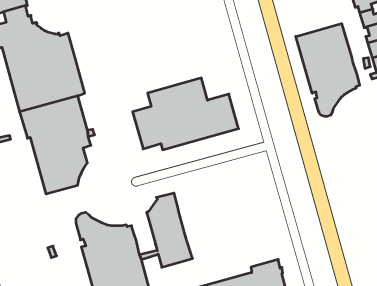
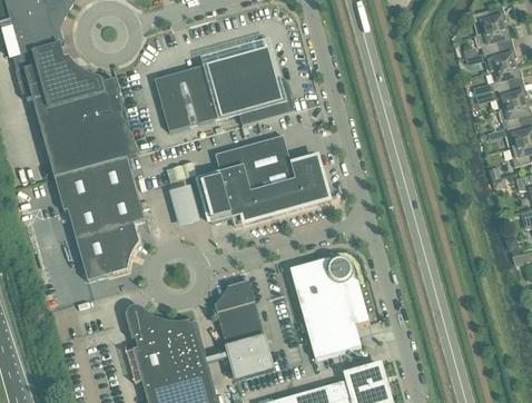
building: none -> [154,47,294,130]
building: [296,24,360,116] -> none
building: none -> [167,180,199,223]
building: none -> [289,256,368,357]

